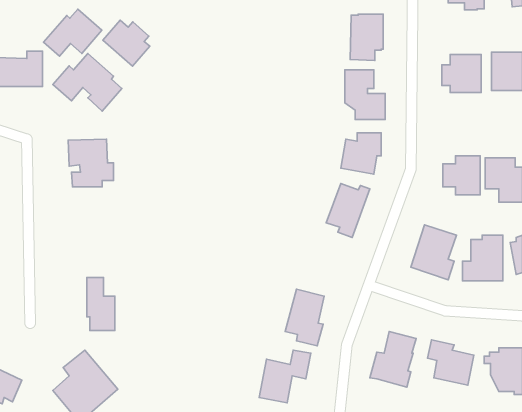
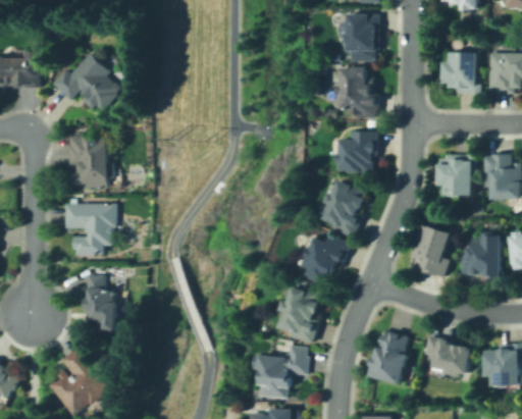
building: [44,9,102,56] -> none
building: [103,20,150,66] -> none
building: none -> [64,203,115,254]
building: none -> [301,233,350,287]

